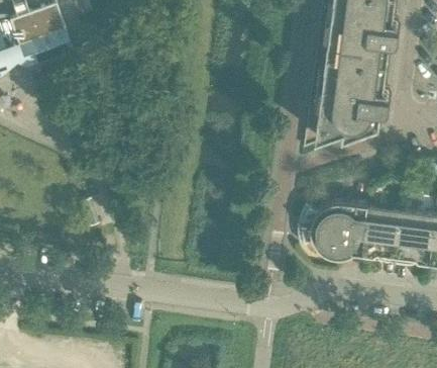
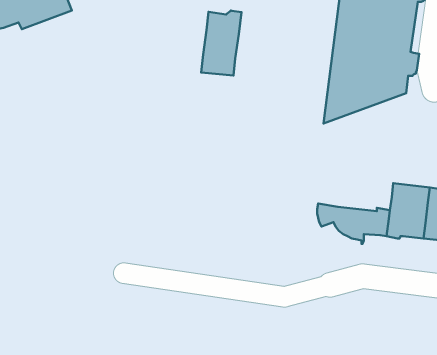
building: none -> [201,11,242,76]
building: [301,202,370,233] -> none

